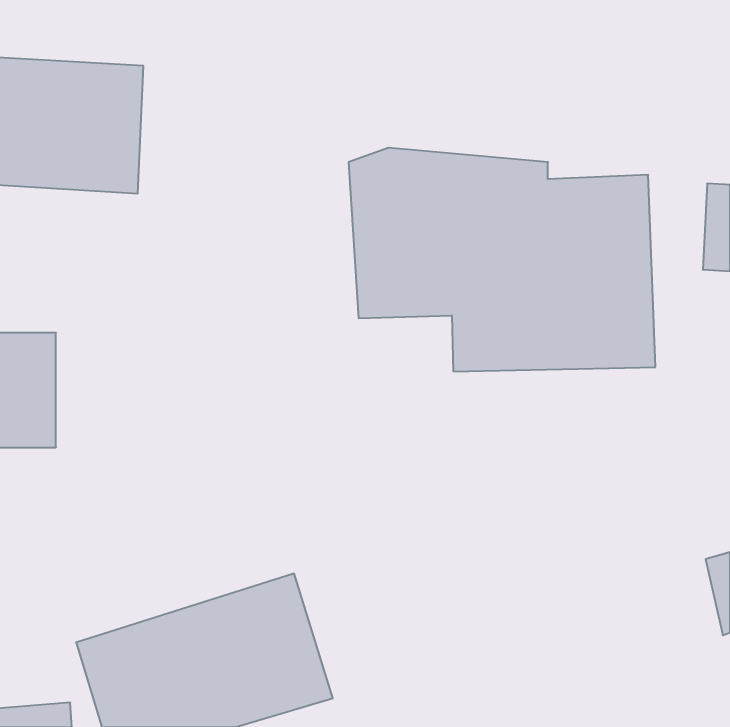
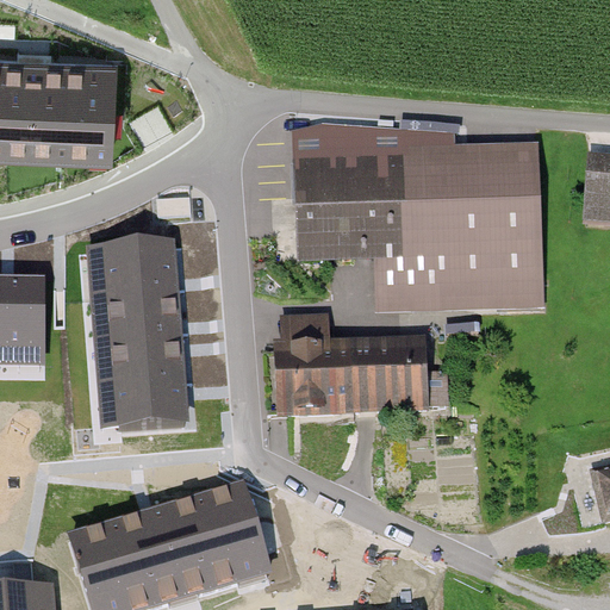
building: none -> [83,241,193,436]
building: none -> [275,315,448,416]

